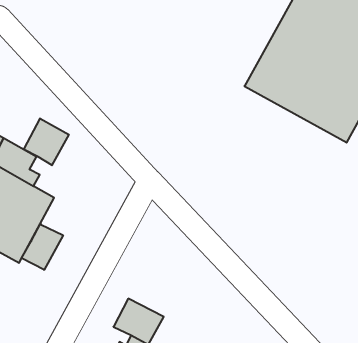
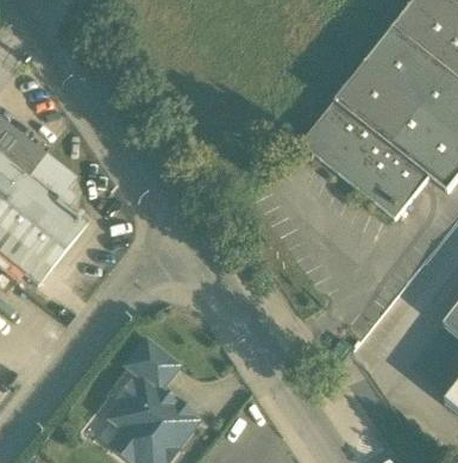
building: [23,118,69,165] -> none
building: [22,223,63,270] -> none

